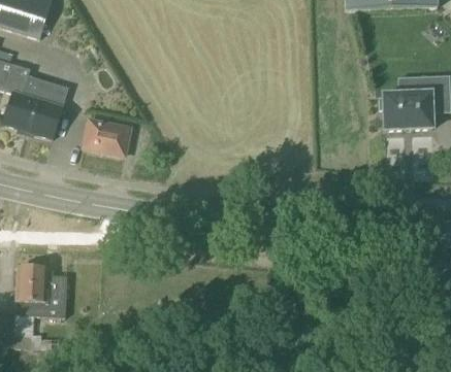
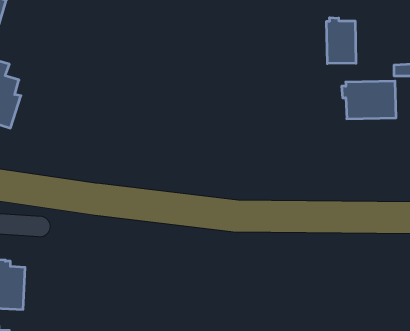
building: none -> [327,18,356,64]
building: [86,120,131,154] -> none

